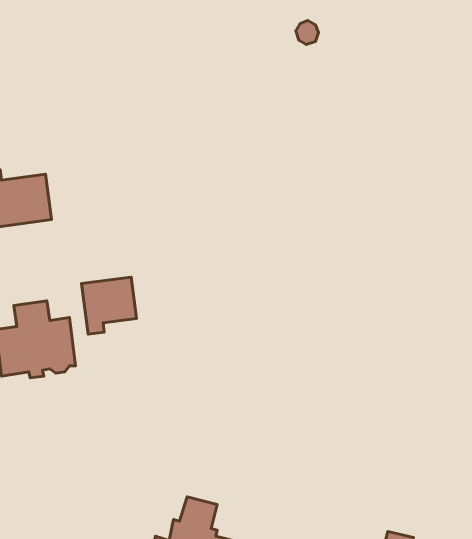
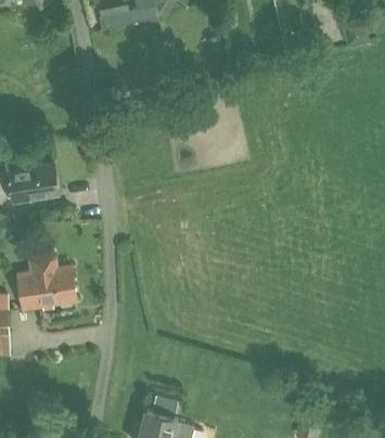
building: [82,277,137,334] -> none

